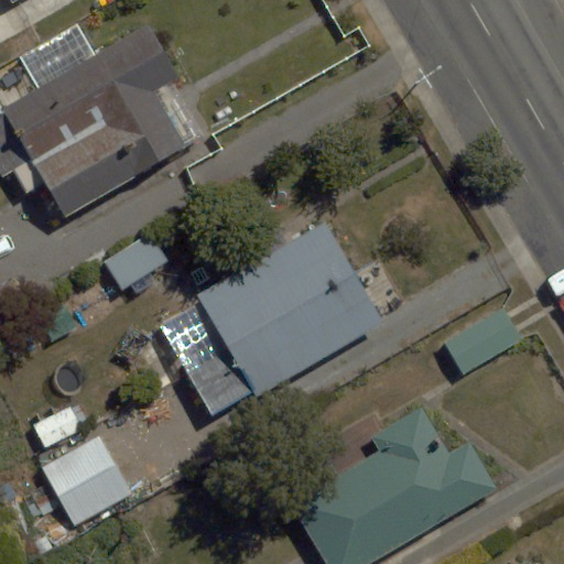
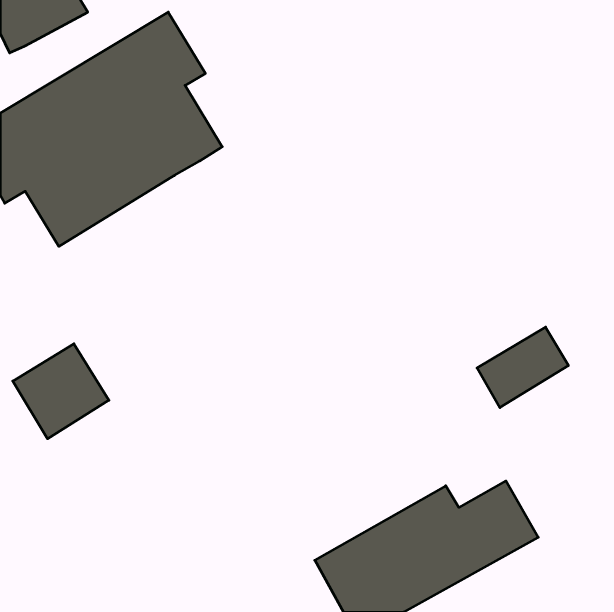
building: [183,224,381,413] -> none
building: [41,431,129,518] -> [13,344,109,439]

